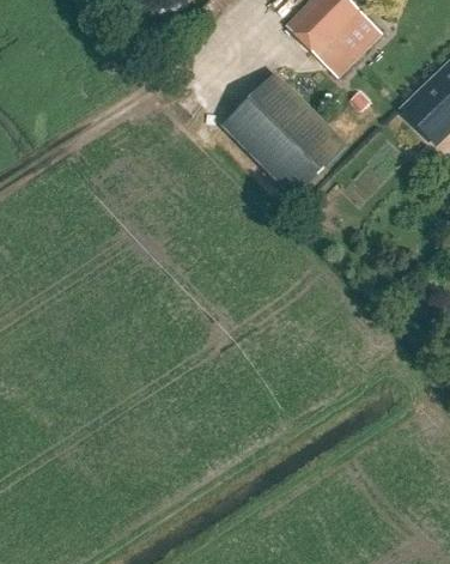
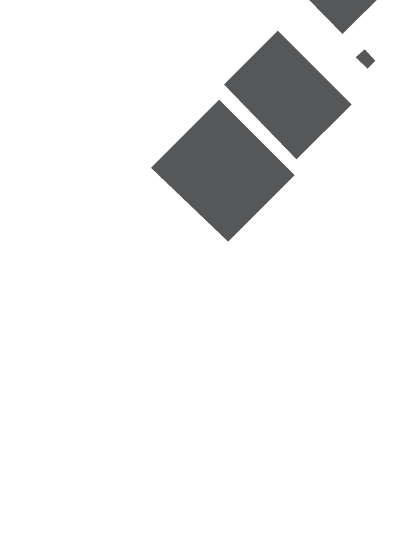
building: none -> [150,99,295,243]

